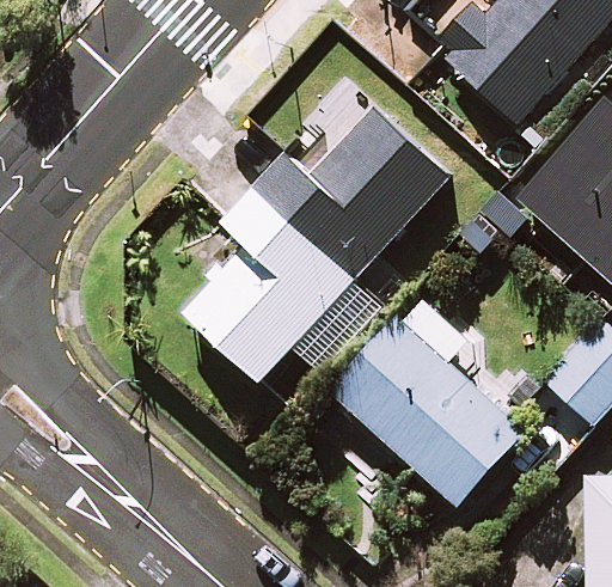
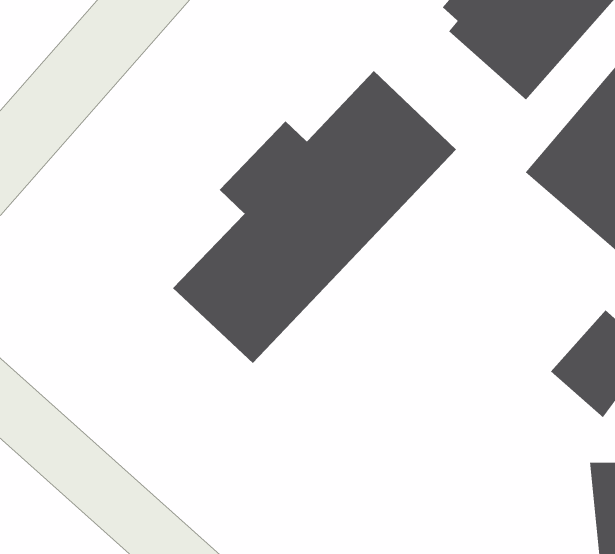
building: [329,299,524,500] -> none

